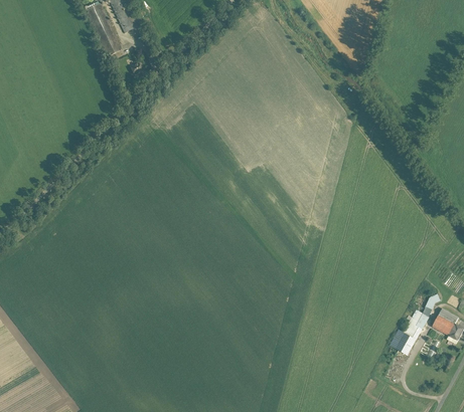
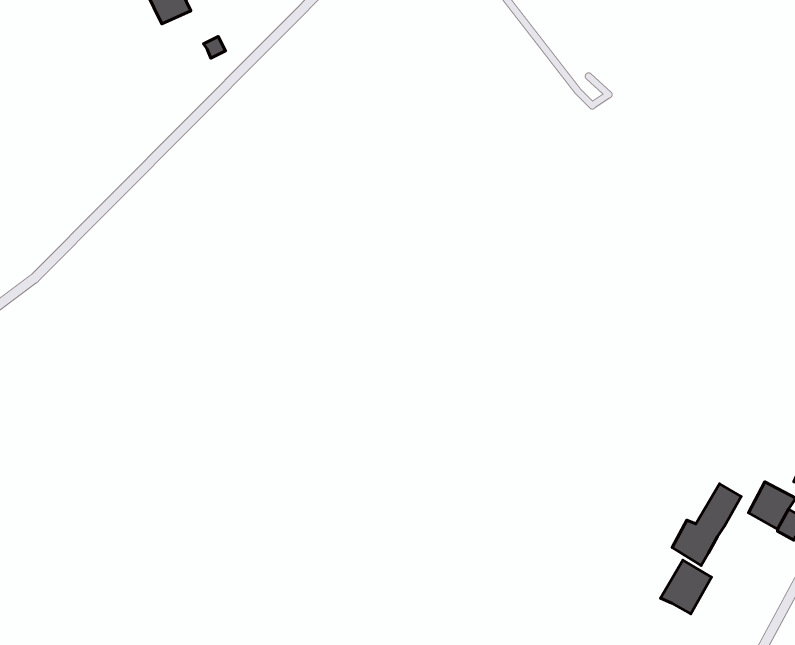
building: none -> [661,560,711,614]

